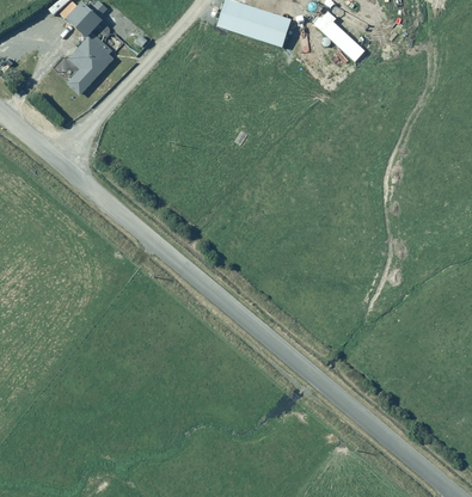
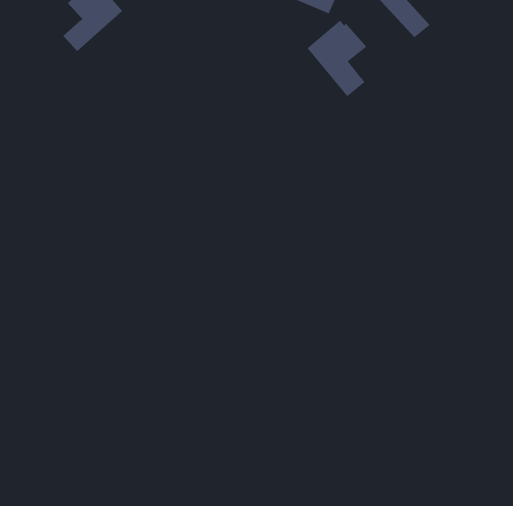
building: none -> [306,20,367,97]

